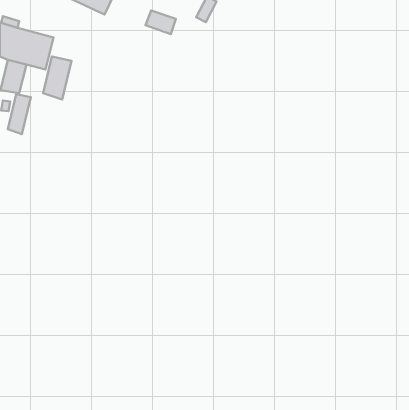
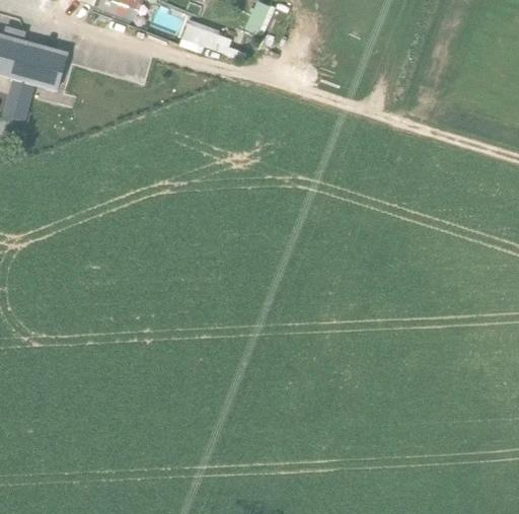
building: [43,57,72,99] -> none
building: [8,94,31,134] -> none

